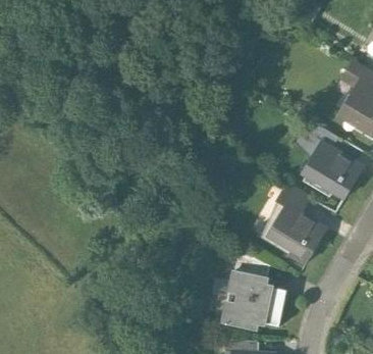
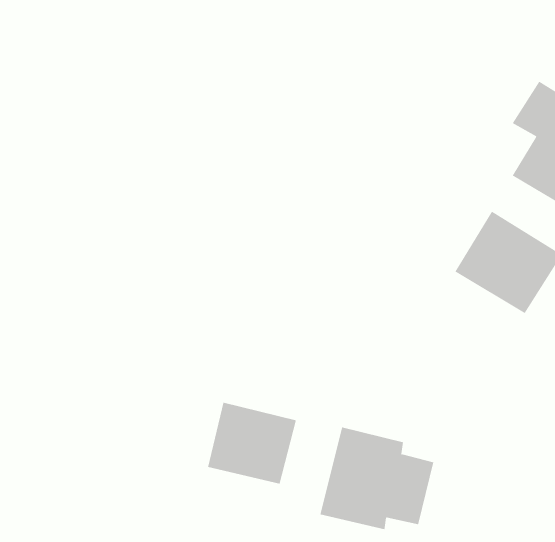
building: [255,186,334,266] -> none
building: none -> [208,402,296,484]

